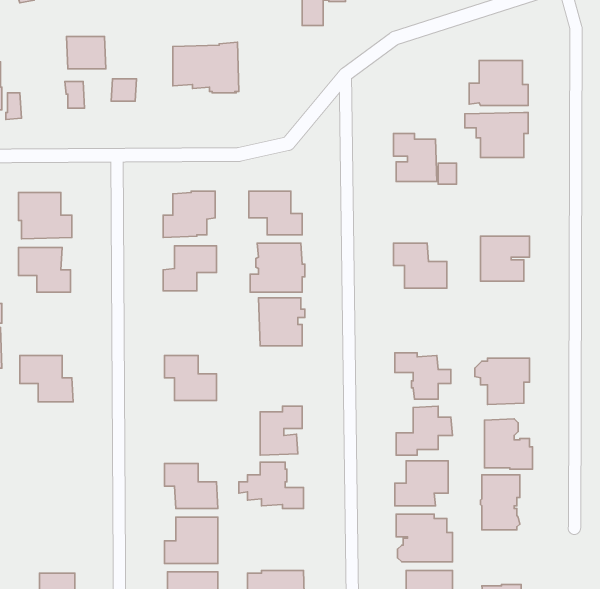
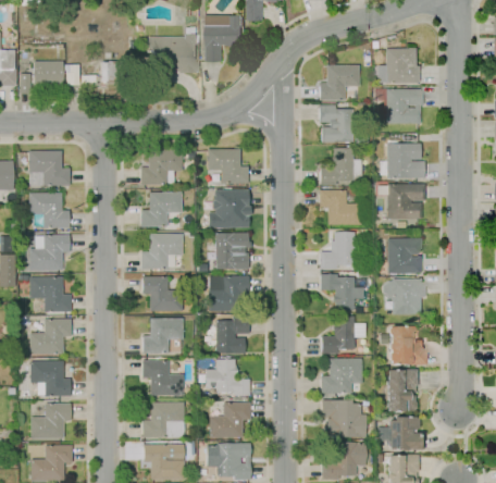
building: none -> [207,15,245,62]
building: [67,37,106,69] -> [33,61,63,86]
building: none -> [319,65,359,100]
building: none -> [379,143,424,177]
building: none -> [320,148,361,185]
building: none -> [319,232,363,269]
building: none -> [140,233,182,269]
building: none -> [28,234,69,270]
building: none -> [386,238,424,273]
building: none -> [207,275,248,311]
building: none -> [142,318,183,352]
building: none -> [29,319,71,354]
building: none -> [29,361,70,396]
building: none -> [209,401,250,437]
building: none -> [30,403,71,438]
building: none -> [377,417,423,450]

